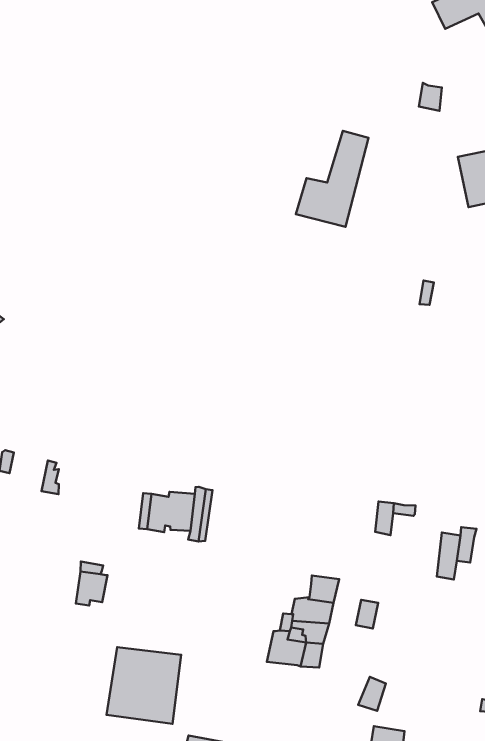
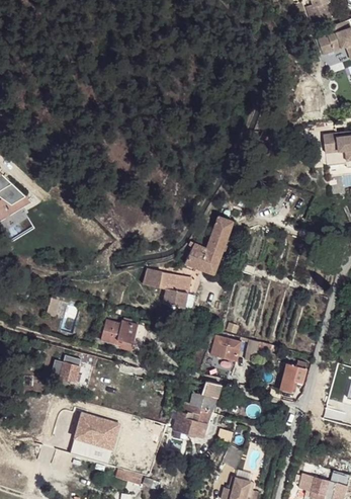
building: [296,131,369,227] -> [185,217,235,275]
building: none -> [143,269,190,310]
building: none -> [209,336,241,362]

